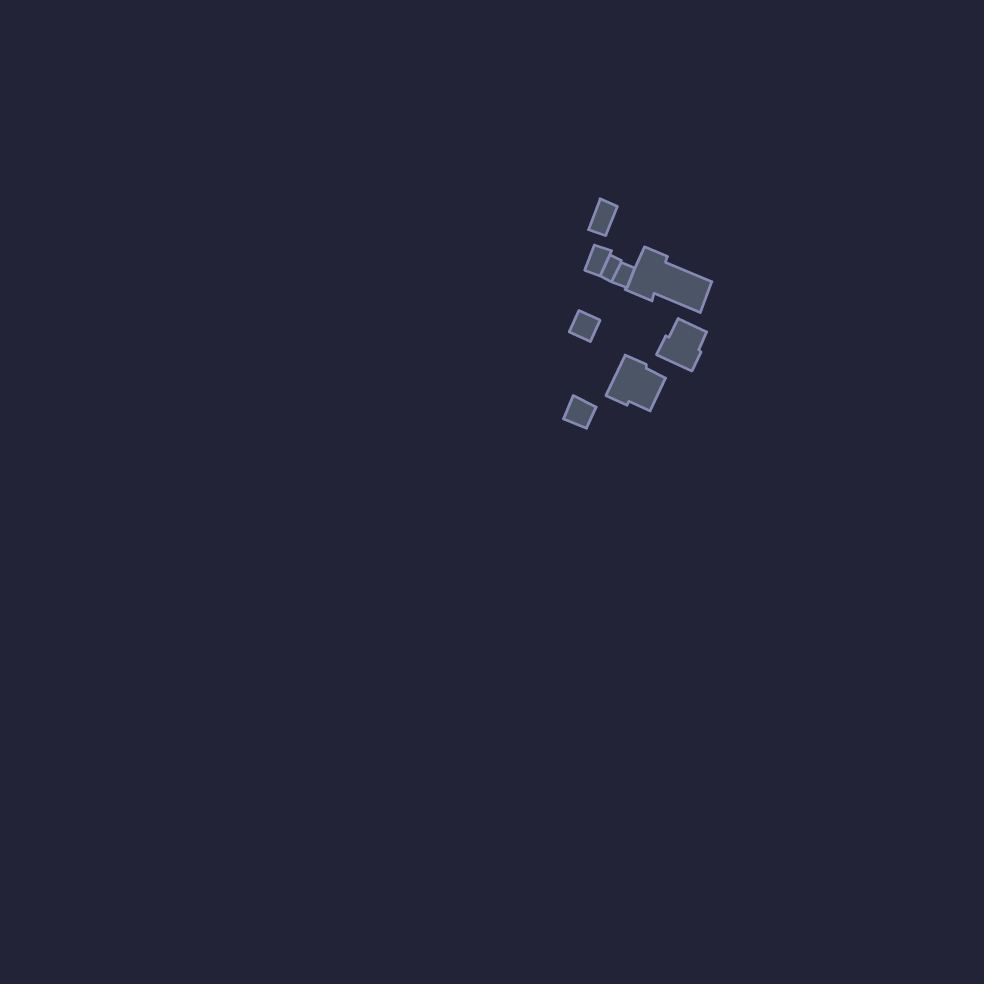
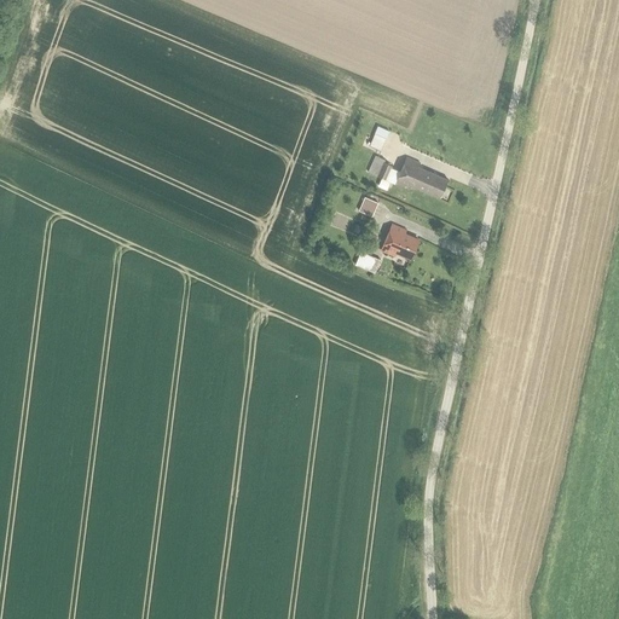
building: [657,318,707,371] -> none

